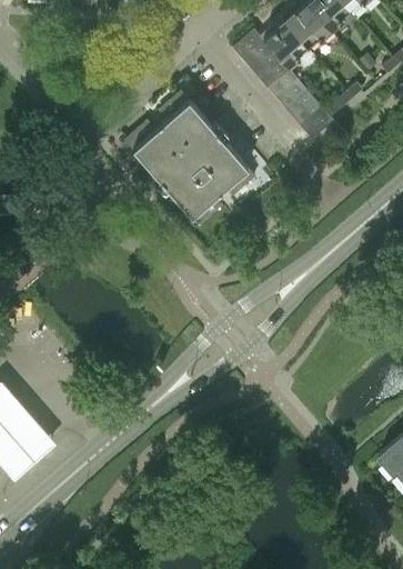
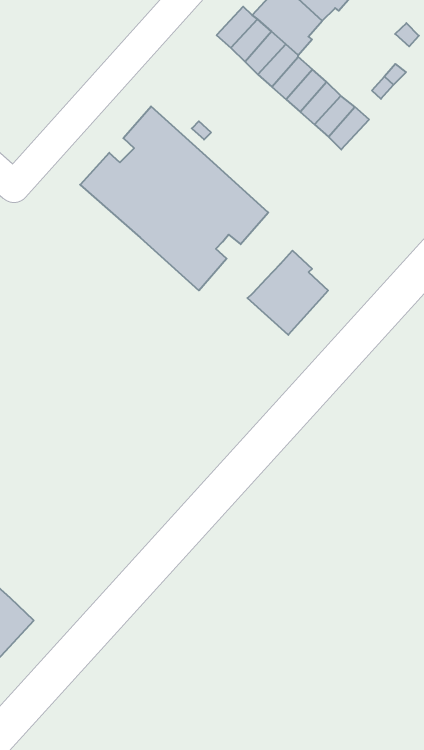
building: none -> [247,251,328,335]

